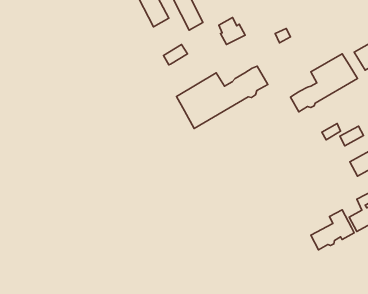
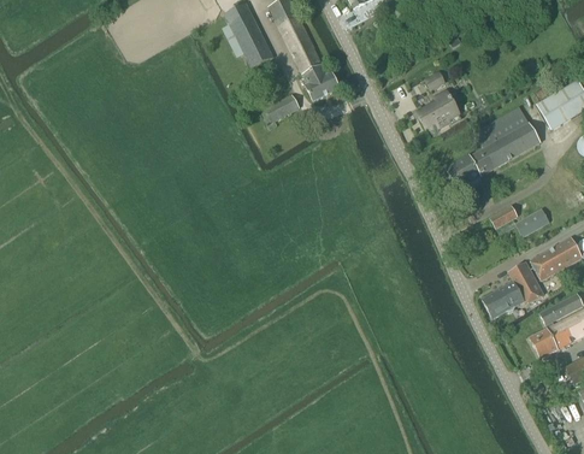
building: [219,17,245,45] -> [302,61,340,100]
building: none -> [418,89,461,128]
building: [177,66,268,128] -> none
building: [311,210,354,250] -> [482,261,543,318]

